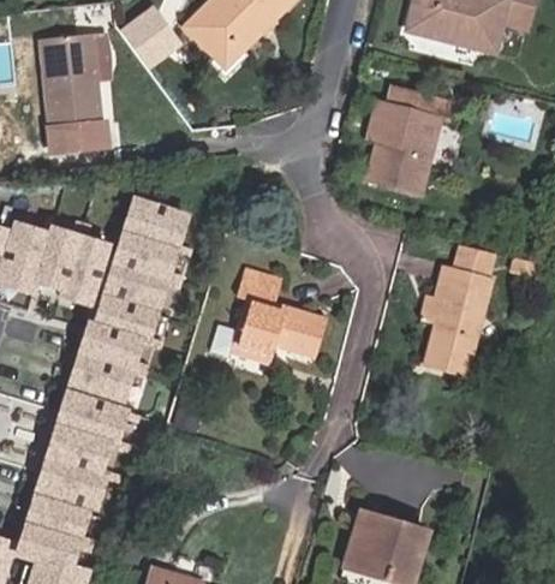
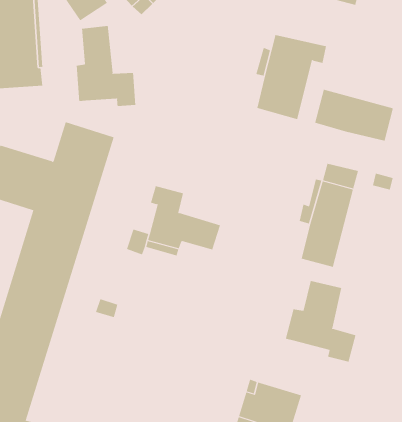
building: none -> [76,25,136,107]
building: none -> [314,89,394,141]
building: none -> [285,280,356,363]

